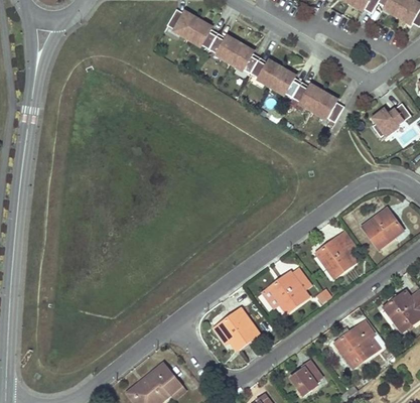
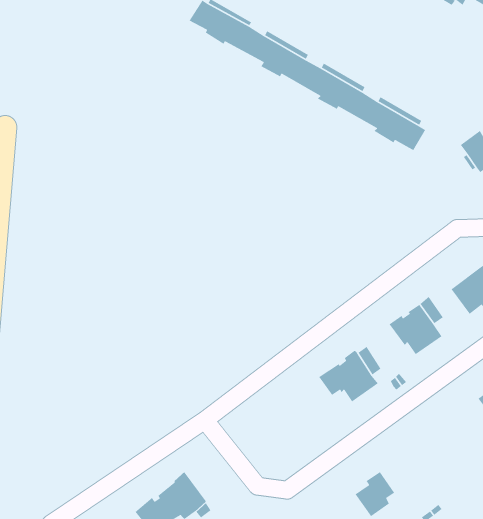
building: [214,307,260,347] -> none
building: [335,322,376,365] -> none

